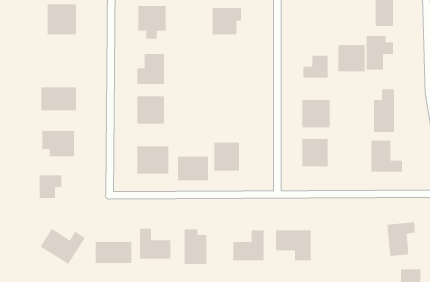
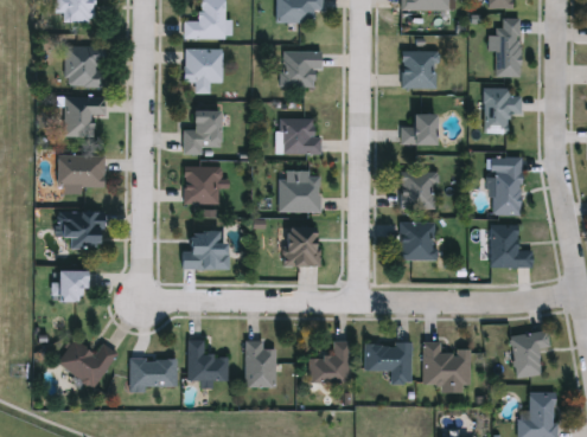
building: none -> [65,97,107,137]
building: [338,44,366,72] -> [402,51,439,88]
building: none -> [281,118,321,154]
building: [177,156,209,181] -> [279,179,320,212]
building: none -> [423,342,471,385]

